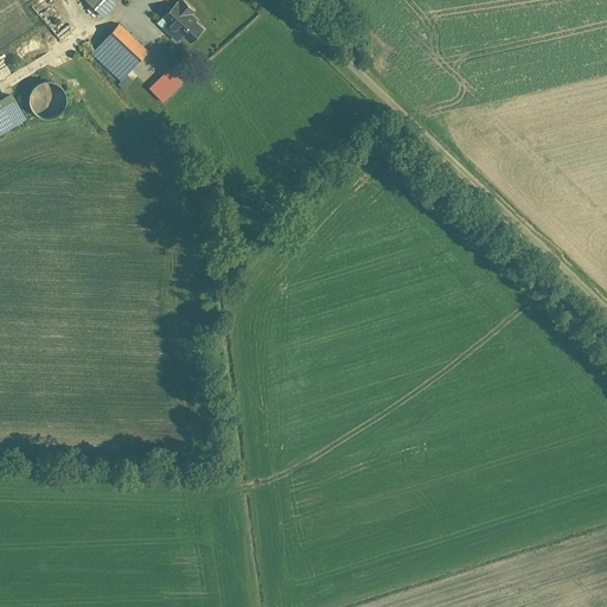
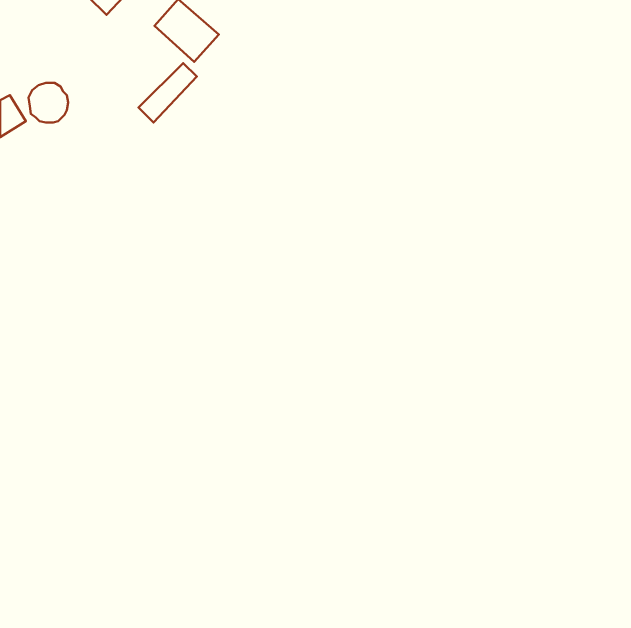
building: [91,24,148,79] -> none

